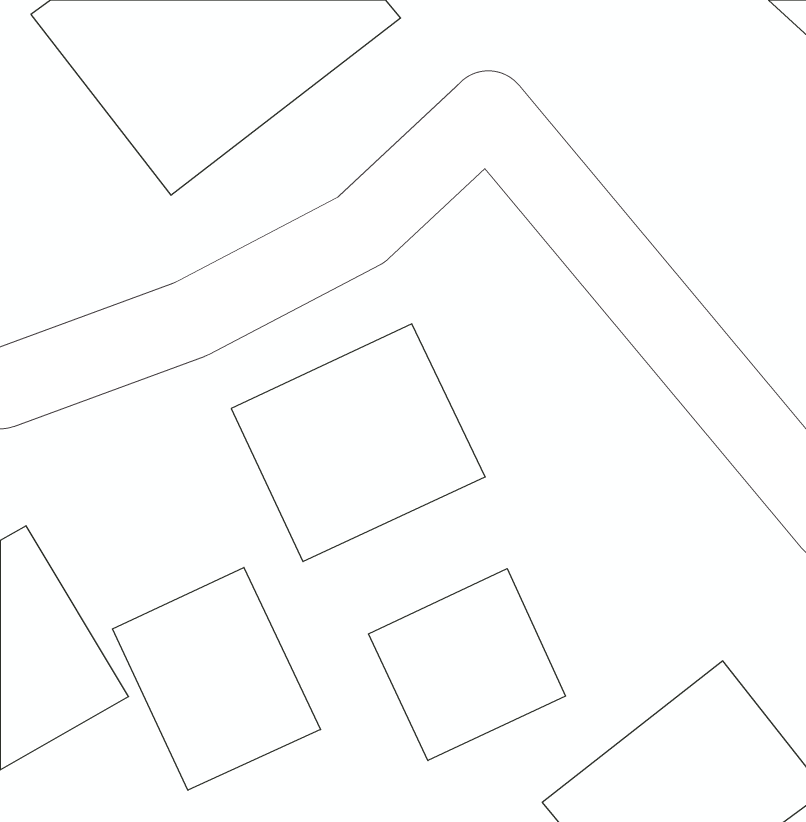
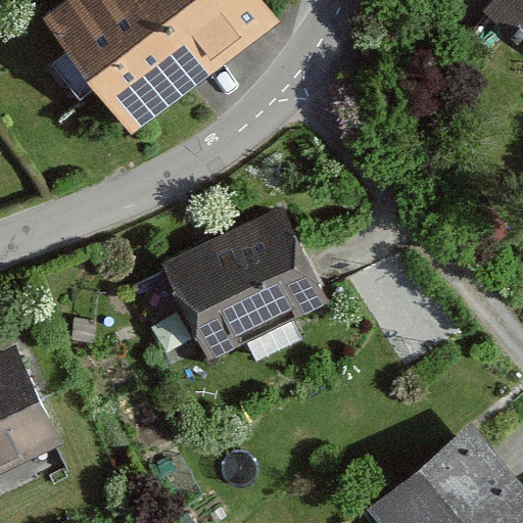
building: [113,567,321,790] -> none
building: [369,569,566,761] -> none

